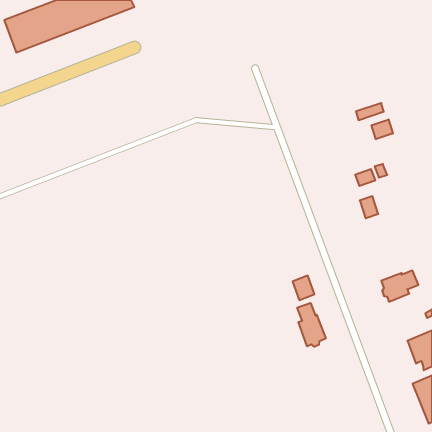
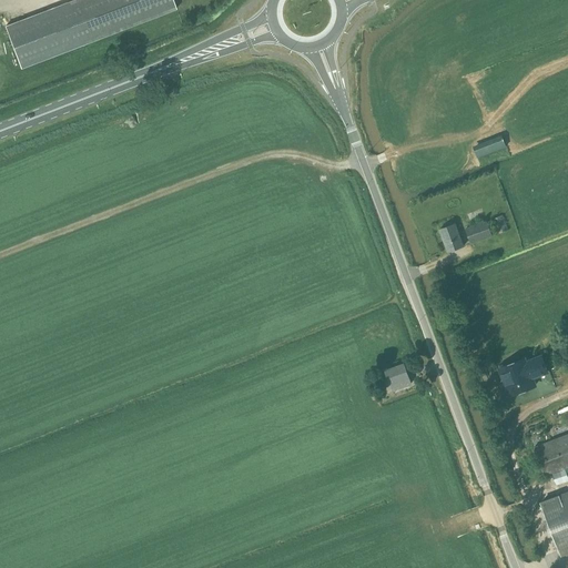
building: [372,119,393,139] -> none
building: [360,196,378,218] -> [440,224,465,253]
building: [297,303,326,347] -> none

